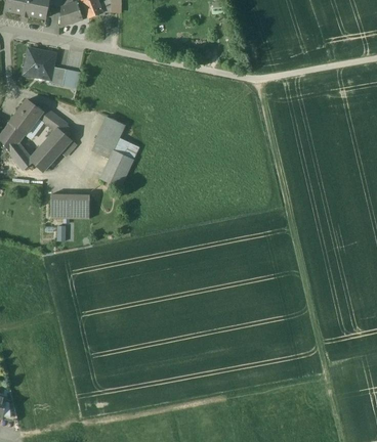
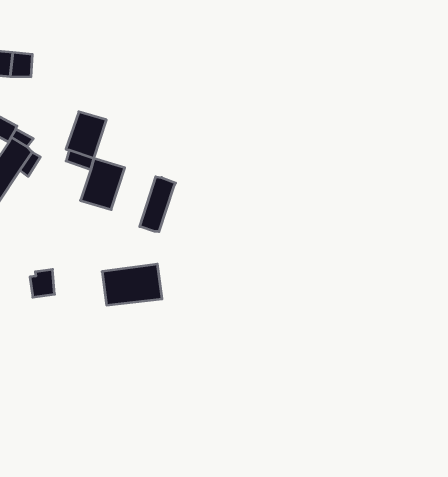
building: none -> [140,177,176,232]
building: [50,194,89,219] -> [102,264,162,305]

